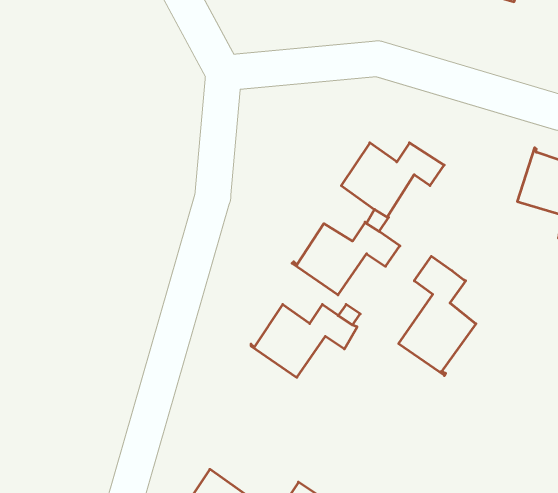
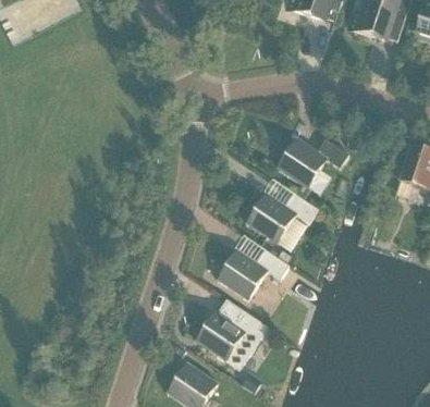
building: [399,256,476,376] -> none
building: none -> [194,298,267,370]

